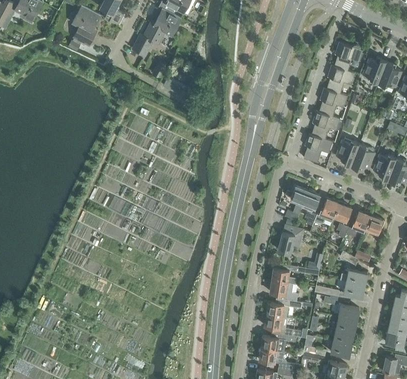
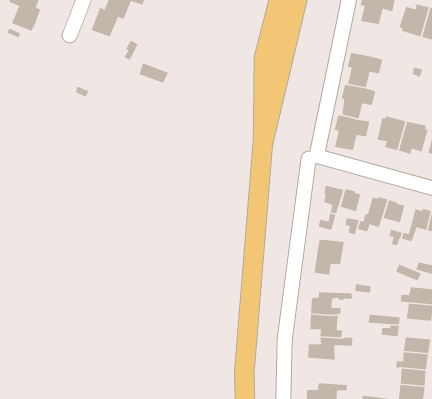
building: [326,66,354,94] -> none
building: [263,314,304,338] -> none

